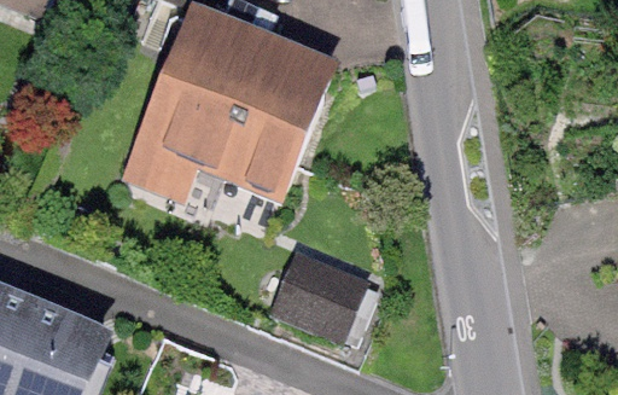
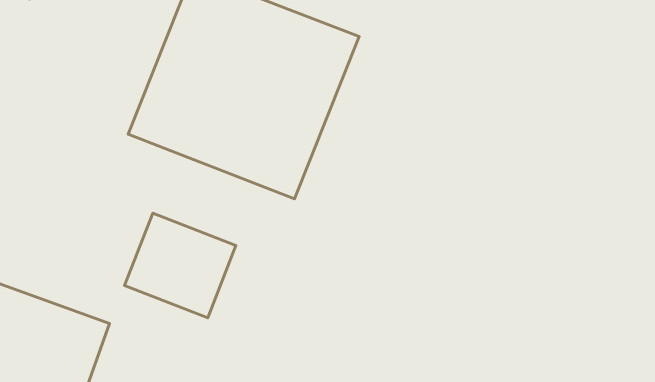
building: [267,245,367,339] -> [125,213,236,318]

